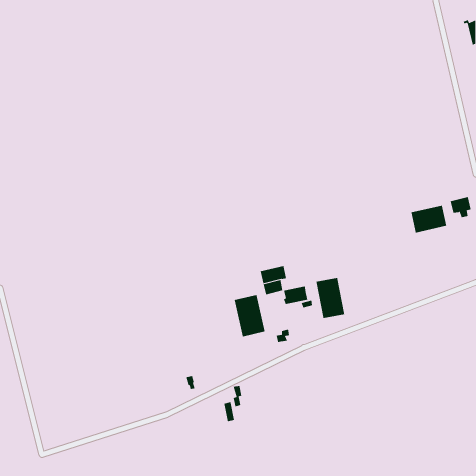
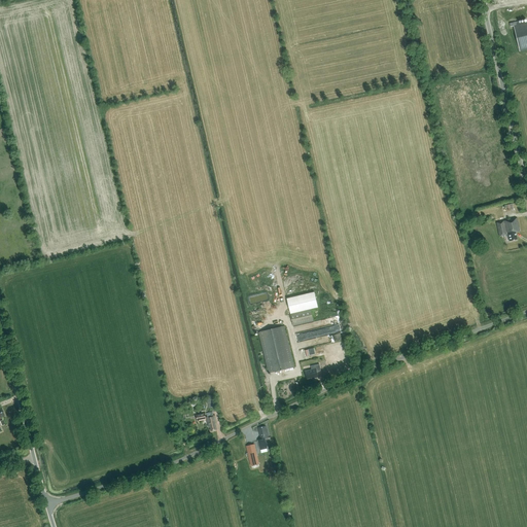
building: [411,205,447,233] -> none
building: [316,277,345,319] -> none

